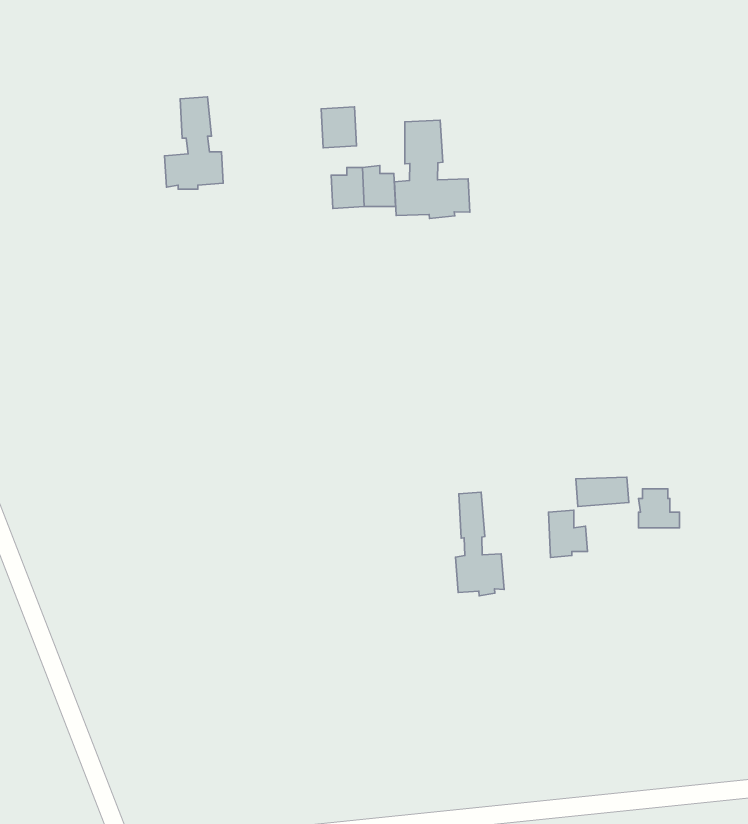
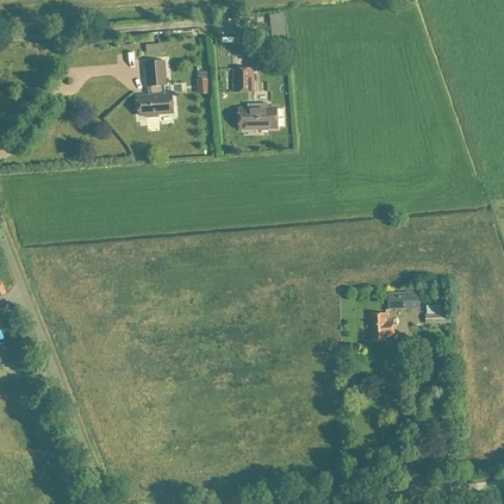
building: [394,120,470,219] -> none
building: [455,492,504,596] -> none

